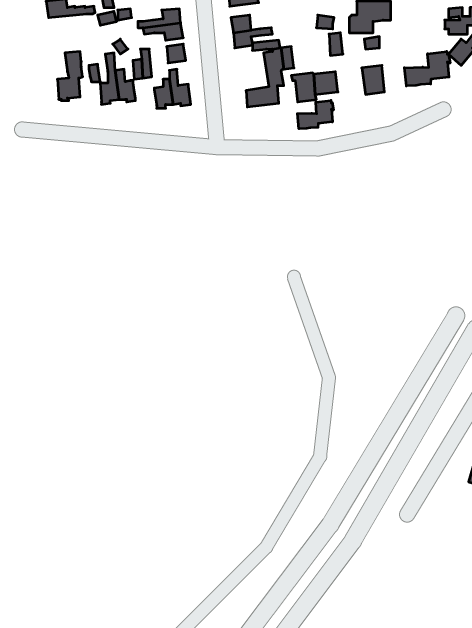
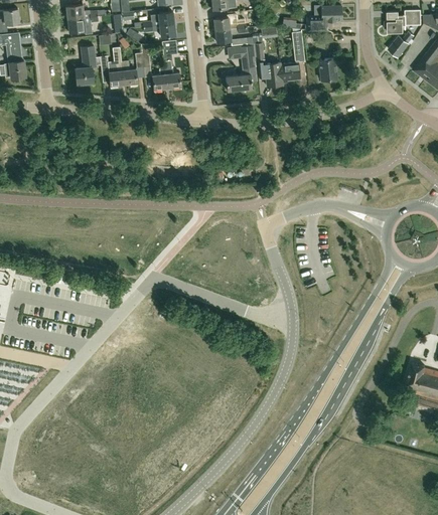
building: none -> [67,16,98,34]
building: [404,51,450,86] -> none
building: [297,100,333,129] -> none

